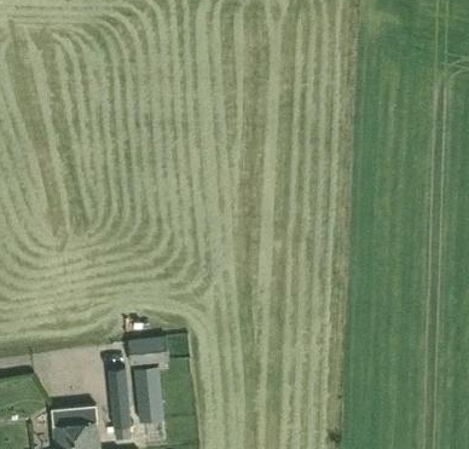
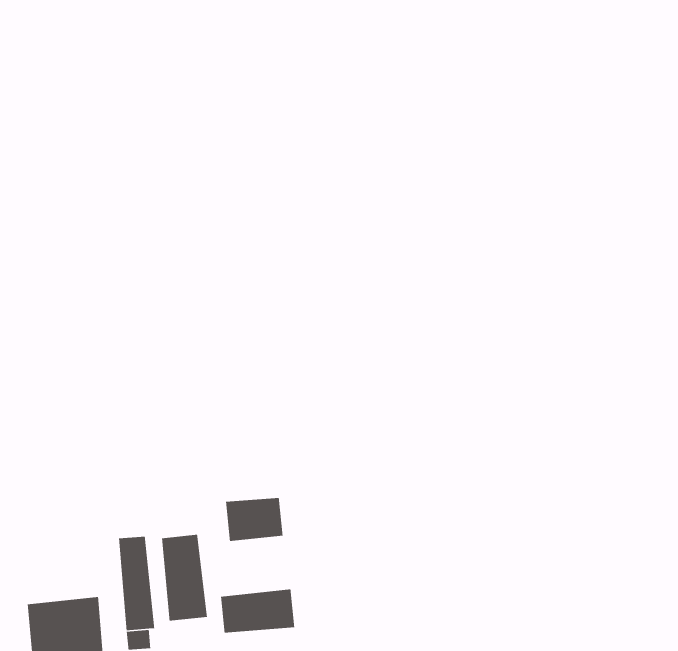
building: [128,338,164,365] -> [225,497,284,542]
building: none -> [220,589,295,634]

